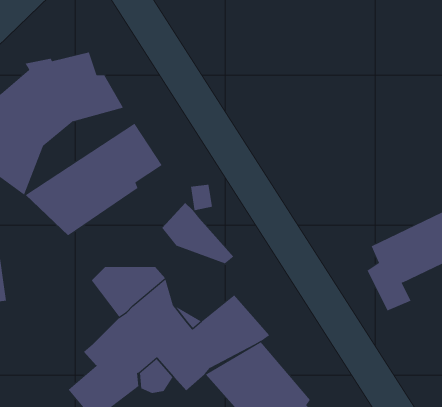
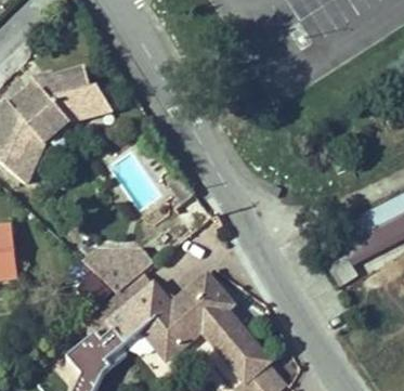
building: [25,123,163,236] -> none
building: [161,202,234,264] -> none

